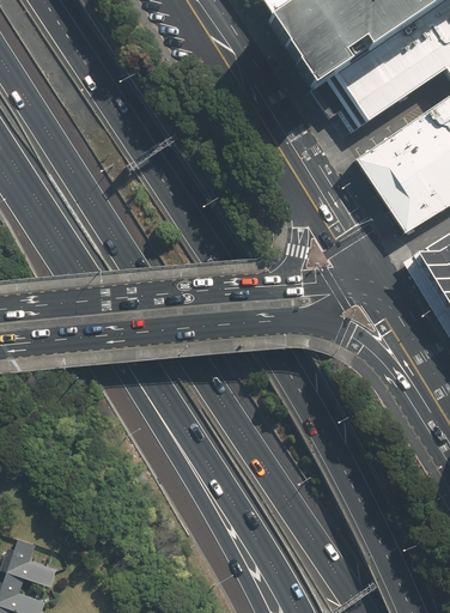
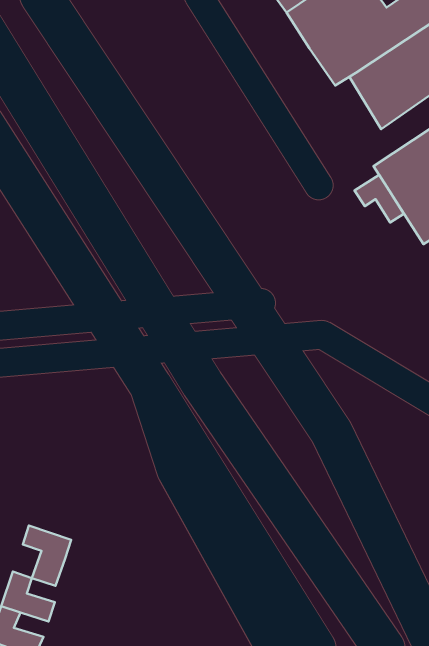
building: none -> [355,175,404,223]
building: none -> [23,526,71,586]

